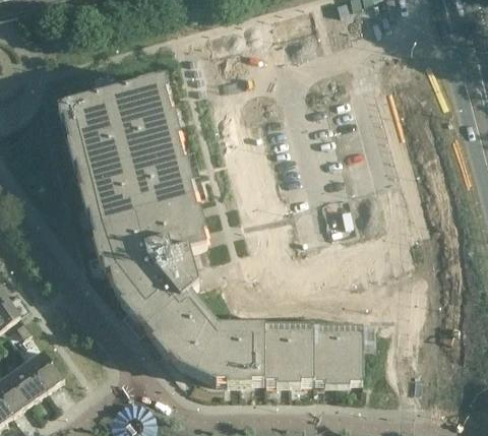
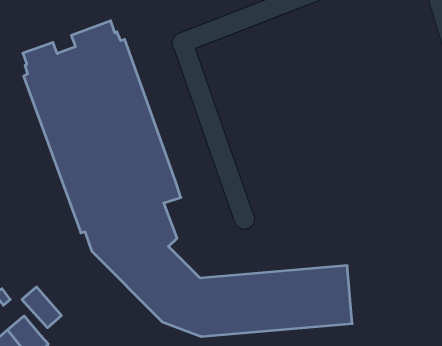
building: none -> [22,287,61,328]

